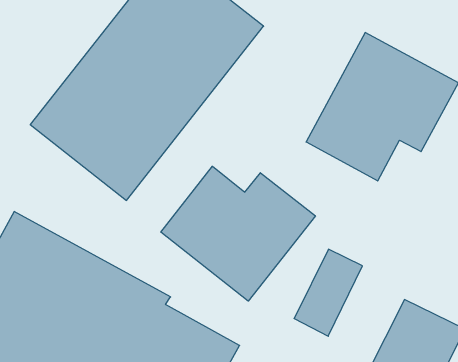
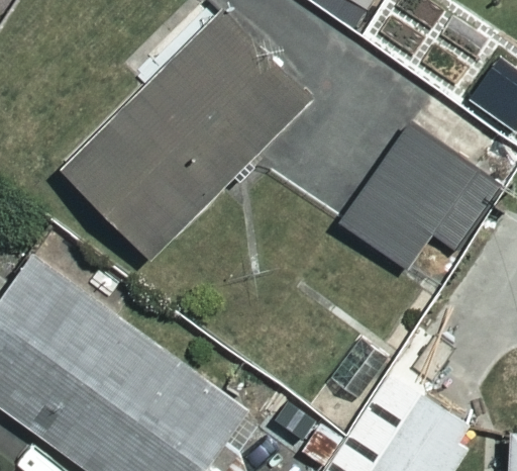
building: [161,166,315,301] -> none

